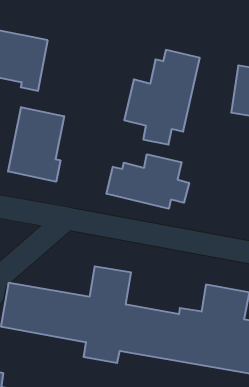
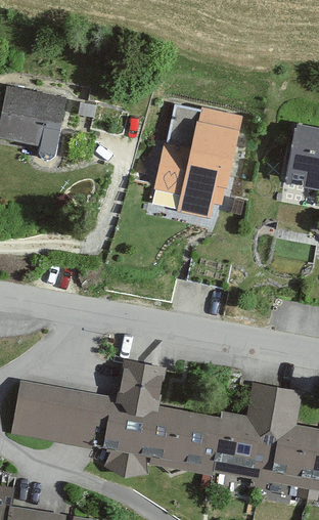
building: [8,107,64,182] -> none
building: [107,154,189,209] -> none

